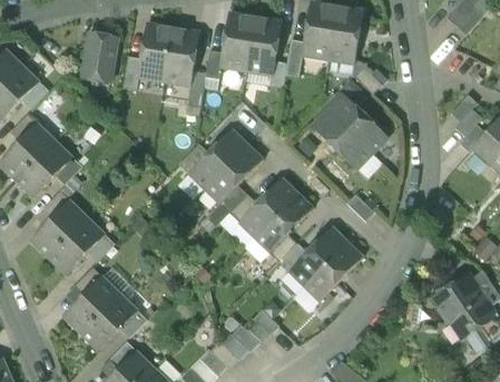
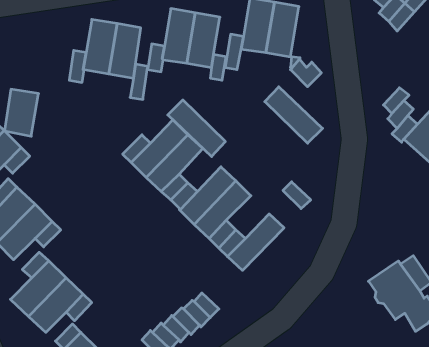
building: [81,32,117,81] -> [4,89,39,136]
building: [311,109,371,168] -> [168,100,225,157]
building: [303,241,362,301] -> none

